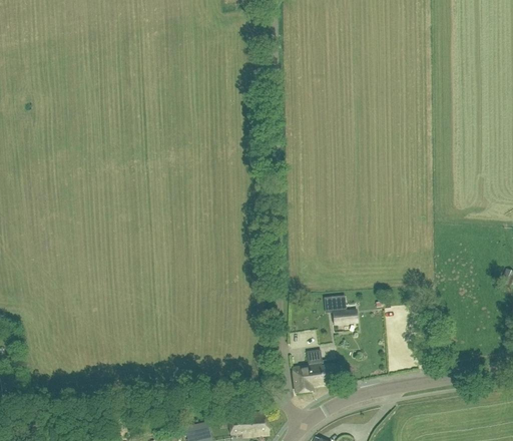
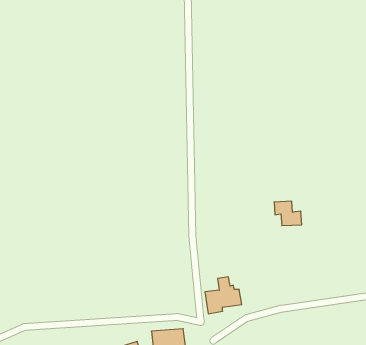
building: [325,296,358,325] -> [274,201,302,226]

